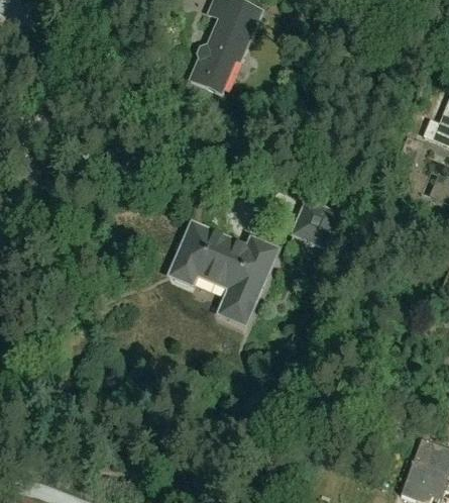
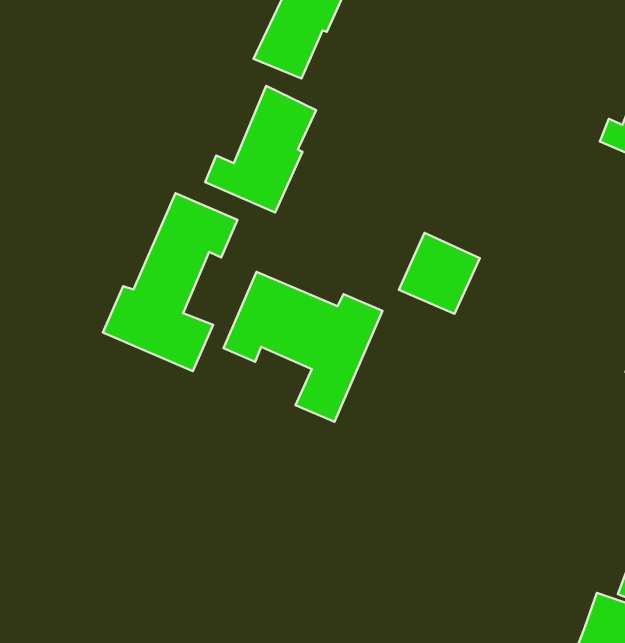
building: none -> [205,86,316,213]
building: none -> [103,193,237,371]

